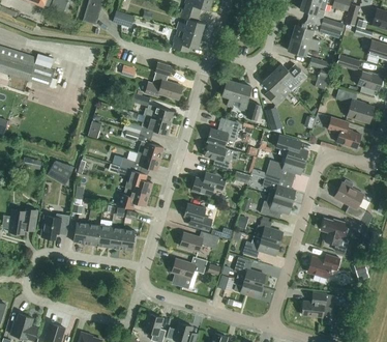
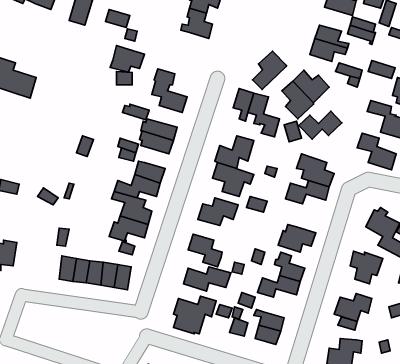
building: [172,29,201,52] -> [110,46,144,72]
building: none -> [252,51,286,89]
building: none -> [299,111,342,139]
building: [262,173,295,202] -> none
building: [40,213,69,238] -> none

